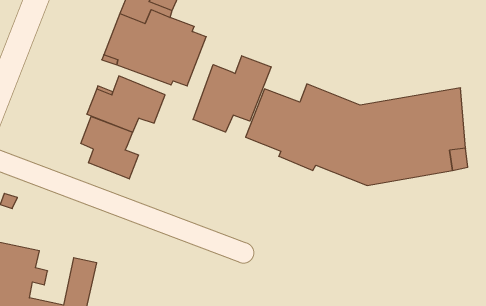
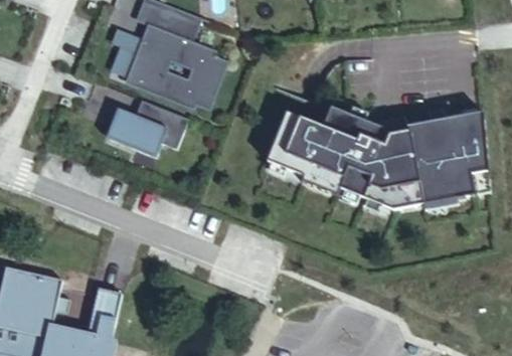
building: [193,56,271,132] -> none
building: [81,117,139,179] -> none

